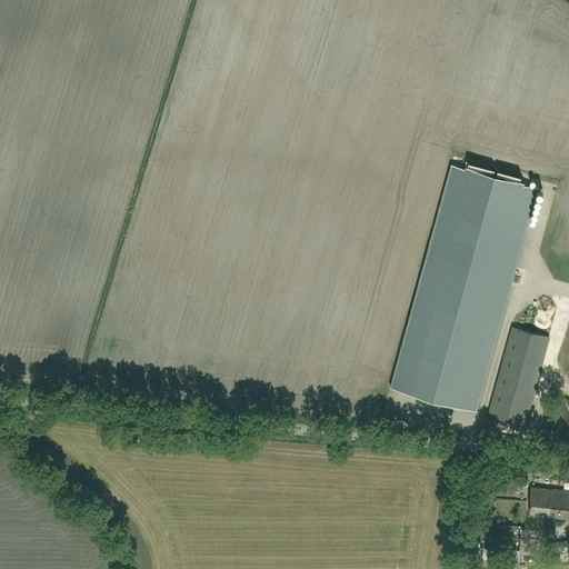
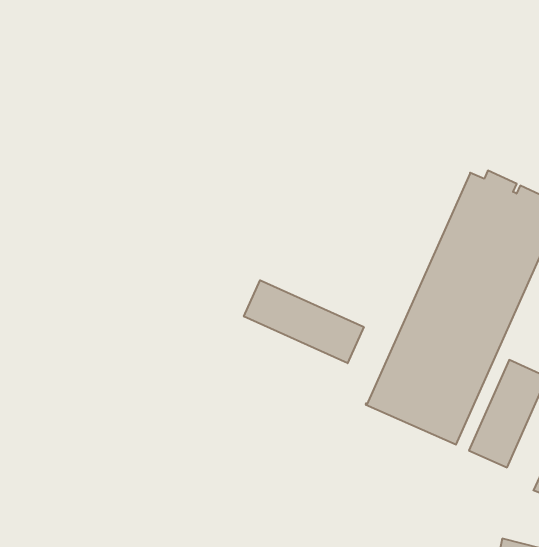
building: none -> [244,280,364,363]

